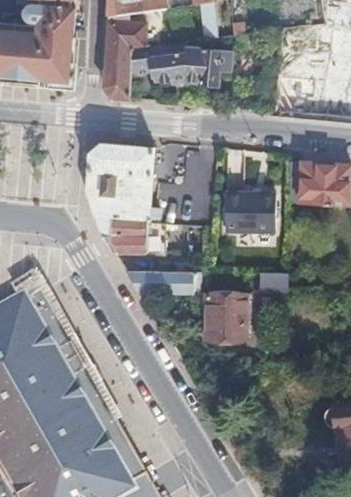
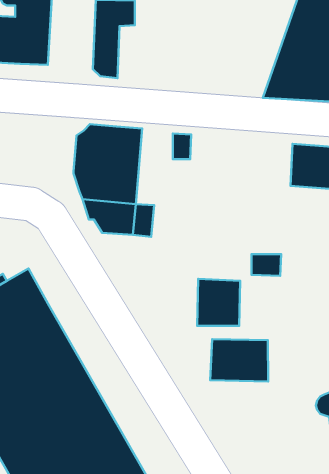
building: [130,40,231,86] -> none
building: [223,193,274,234] -> none
building: [125,269,201,294] -> none
building: none -> [210,339,268,382]

